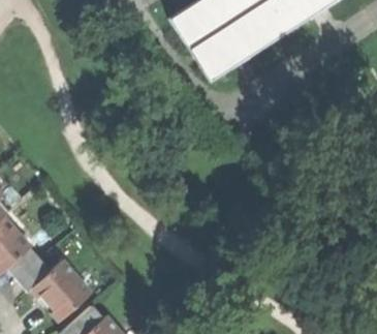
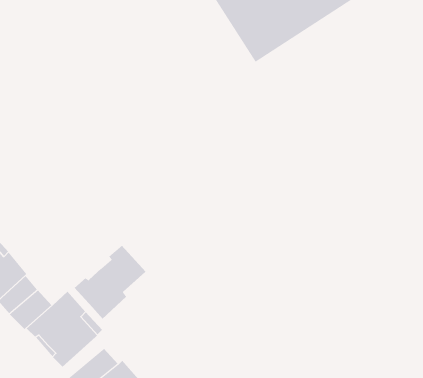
building: none -> [74,245,150,319]

